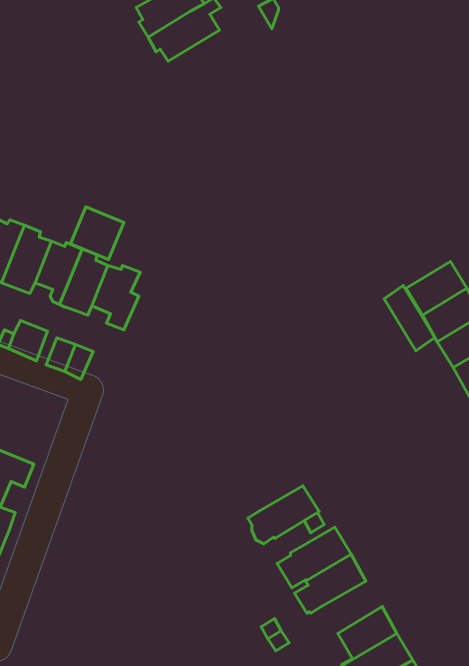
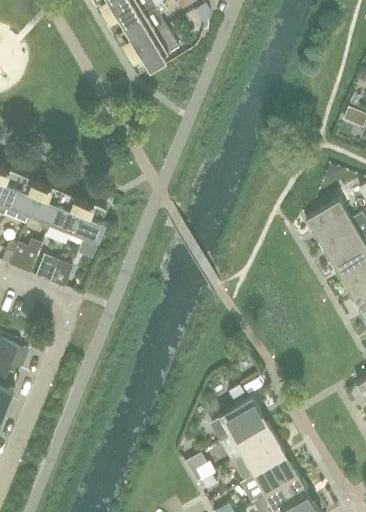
building: none -> [128,27,178,71]
building: [71,207,124,259] -> none
building: [384,286,435,351] -> none
building: [248,486,319,544] -> [234,437,287,480]

